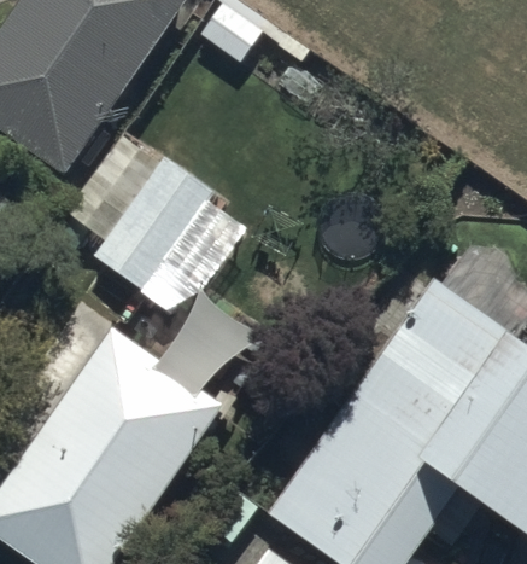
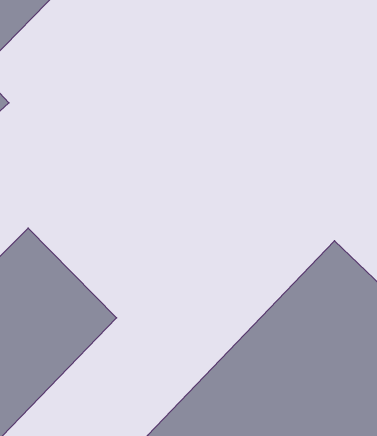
building: [87,155,222,293] -> none

